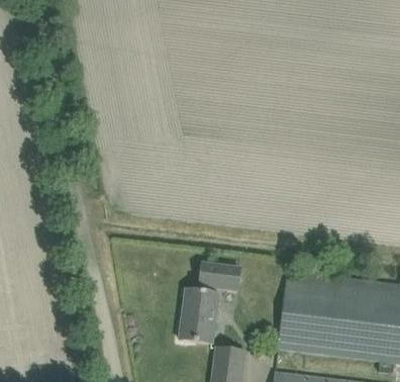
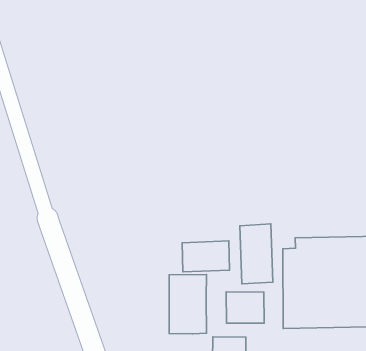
building: none -> [240,224,273,284]
building: none -> [226,292,264,323]

